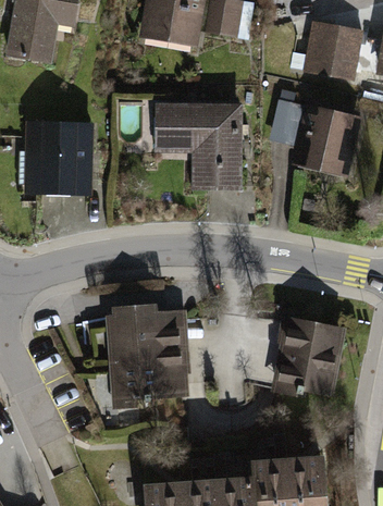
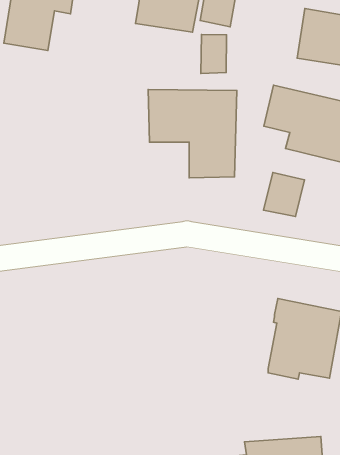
building: none -> [201,34,227,73]
building: [22,121,94,194] -> none
building: none -> [264,172,304,217]
building: [107,301,192,409] -> none

